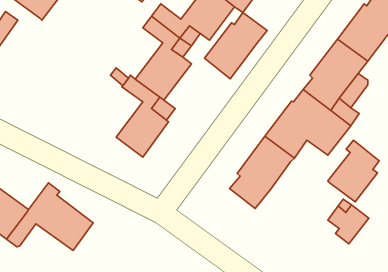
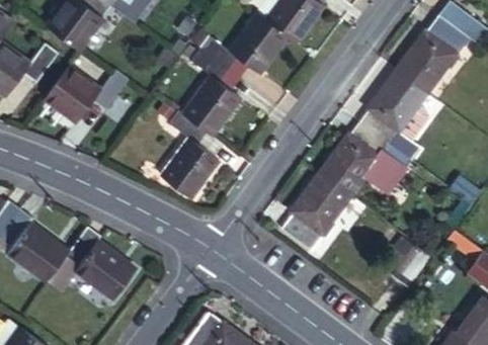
building: [205,12,267,79] -> none
building: none -> [42,49,128,124]
building: [328,140,379,202] -> none

